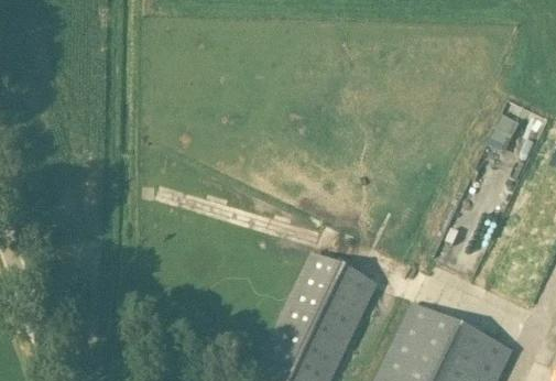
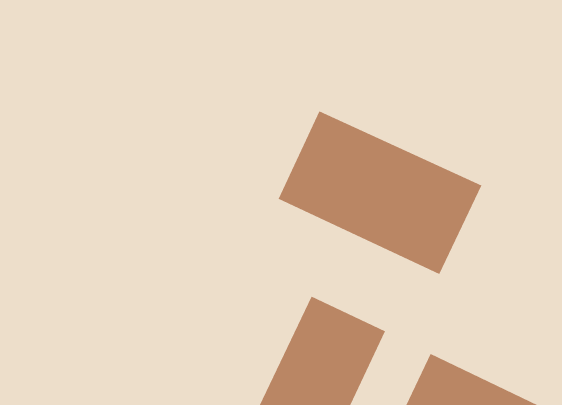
building: none -> [278,110,482,275]

